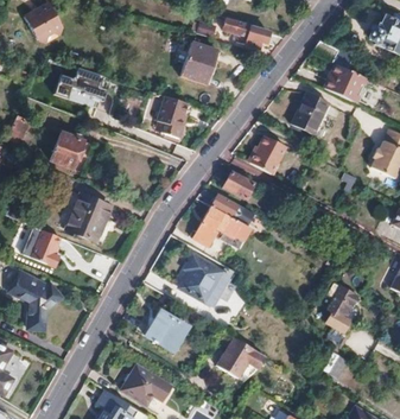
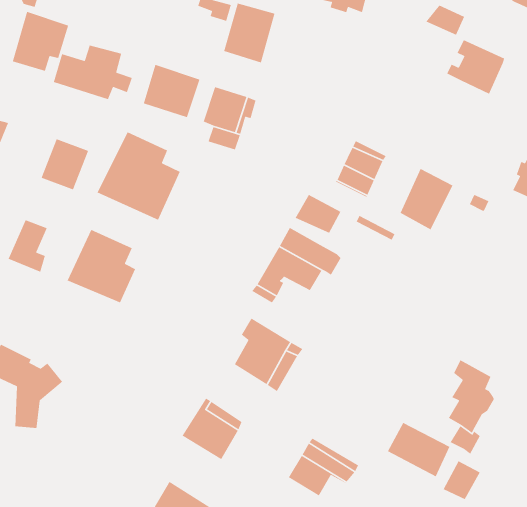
building: none -> [12,11,69,72]
building: none -> [143,64,201,118]
building: [293,90,330,133] -> [399,168,453,230]
building: none -> [96,131,181,221]
building: [34,231,62,268] -> [8,219,48,273]
building: none -> [387,422,451,477]

